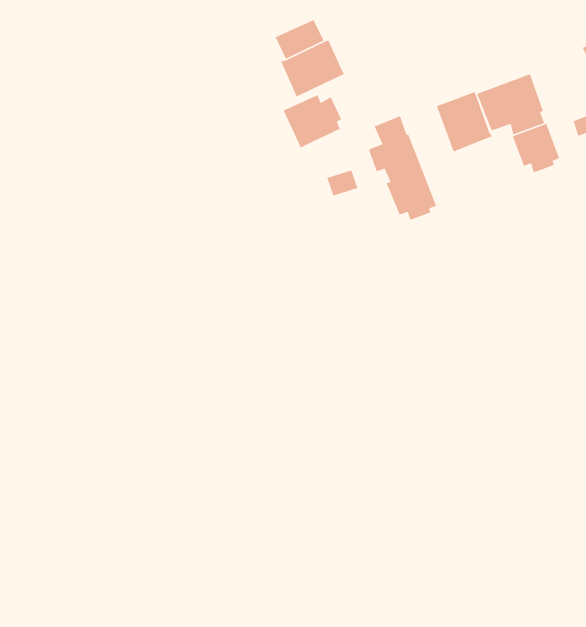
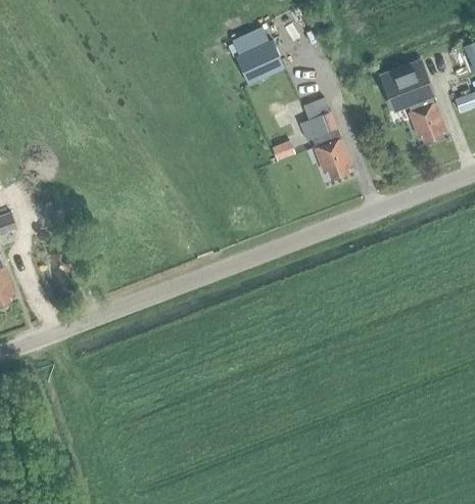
building: [436,91,493,153] -> none
building: [282,94,342,149] -> none

